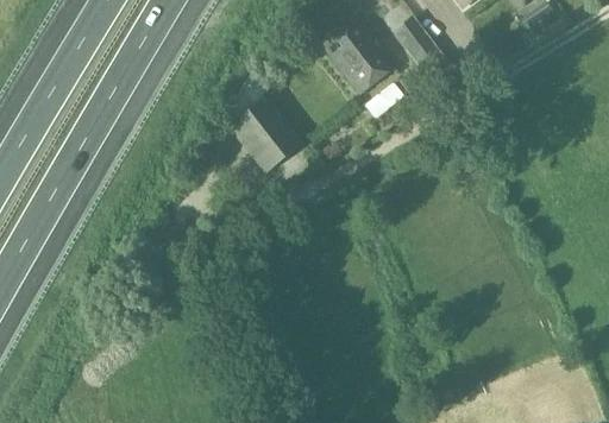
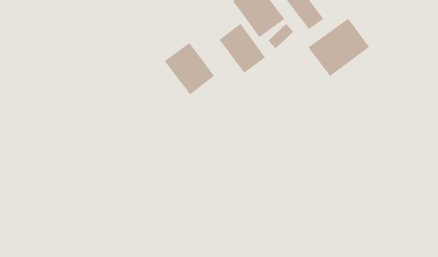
building: none -> [308,18,370,77]
building: none -> [219,23,266,73]

